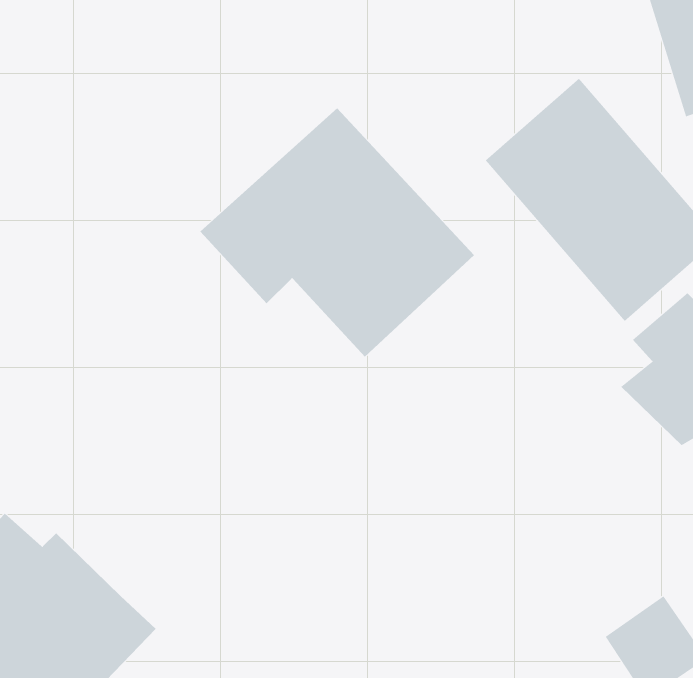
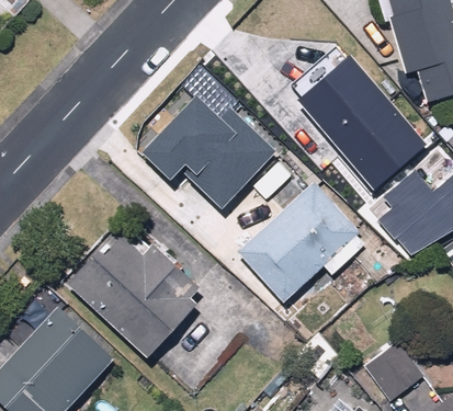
building: none -> [238,182,360,301]
building: none -> [67,226,201,356]

